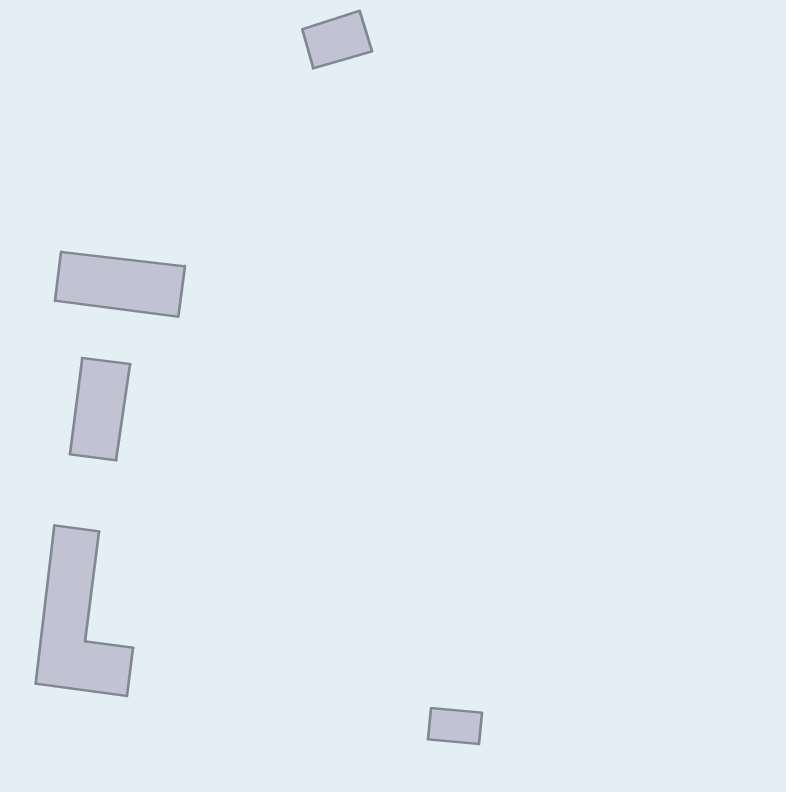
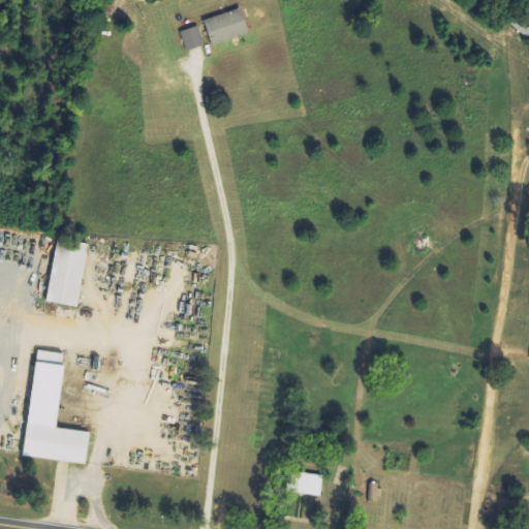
building: none -> [178,26,201,52]
building: [55,252,185,317] -> none

